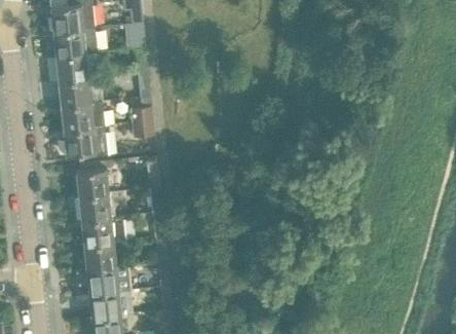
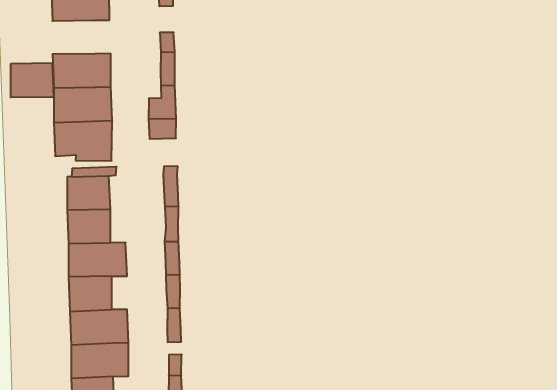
building: [54,53,88,81] -> [11,63,54,97]

